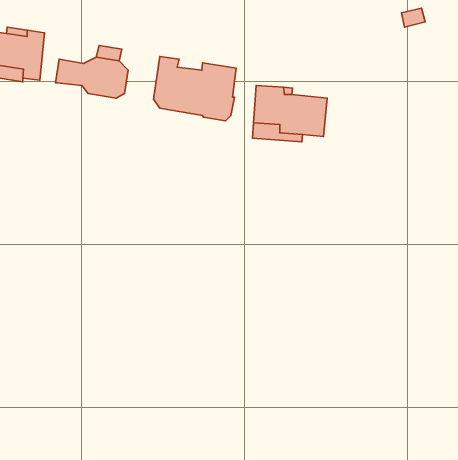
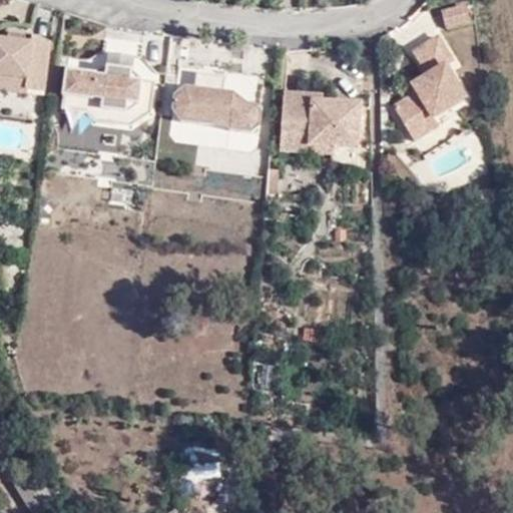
building: none -> [395,36,467,138]
building: none -> [61,77,153,122]

